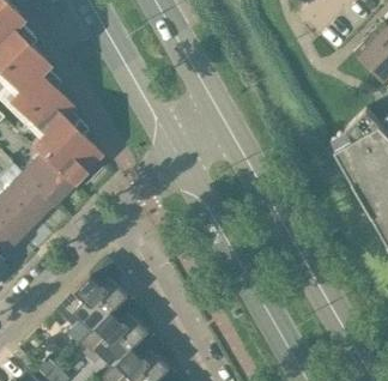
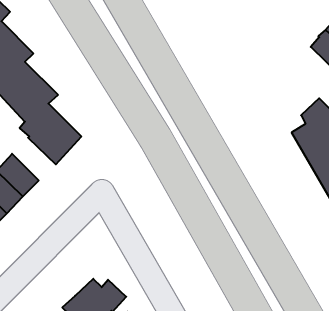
building: [22,156,71,204] -> none
building: [59,277,128,333] -> none

